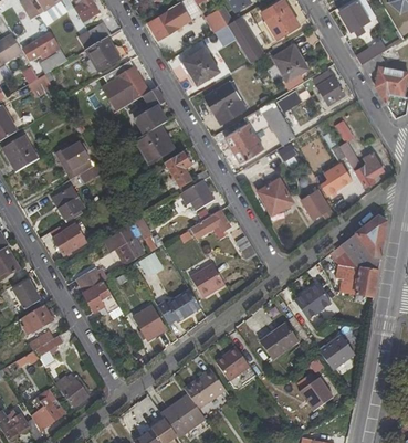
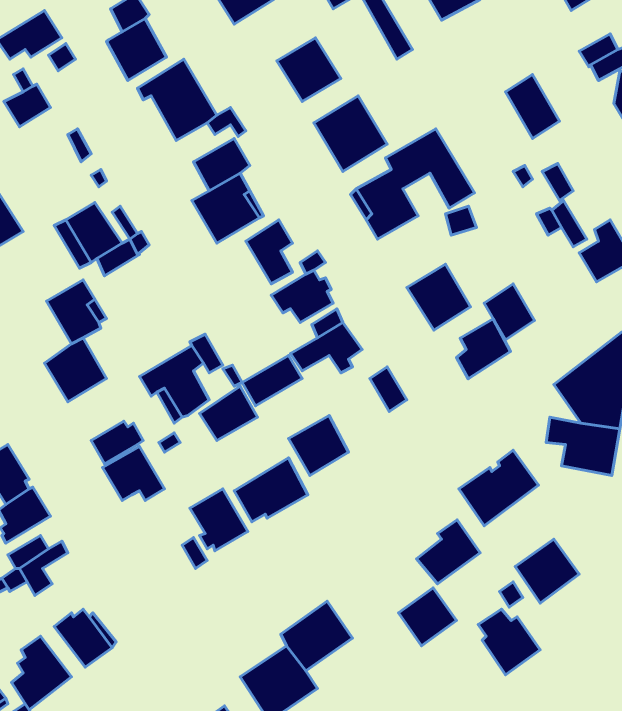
building: [272,43,307,81] -> none
building: [321,161,352,196] -> [456,319,511,379]
building: [216,347,249,380] -> [398,588,456,646]

